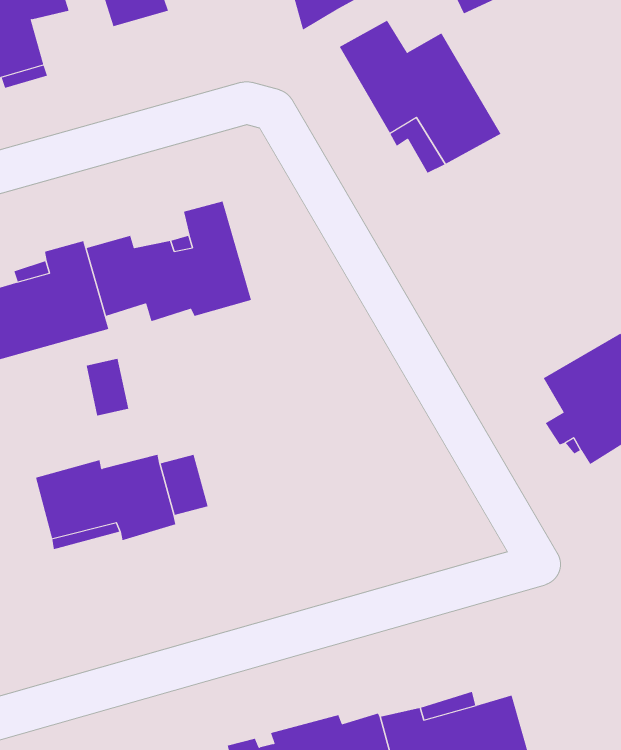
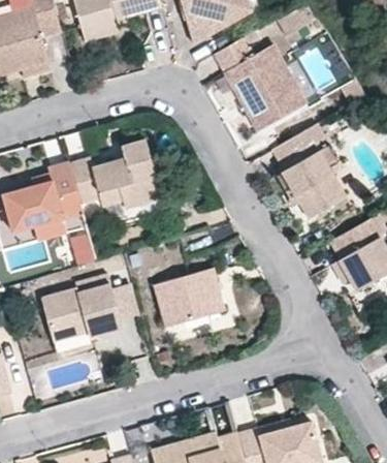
building: none -> [269,123,343,217]
building: none -> [154,268,226,326]

